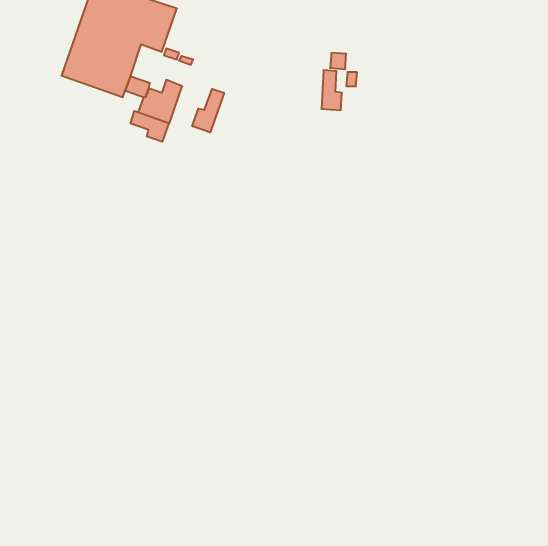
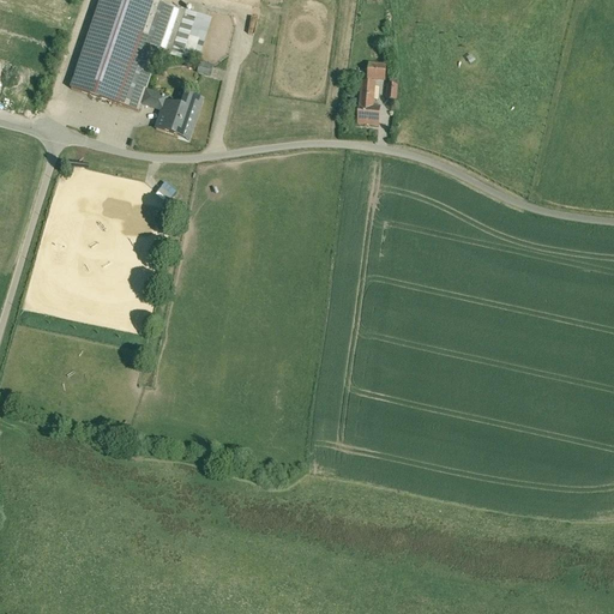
building: [192,89,224,133] -> none
building: [131,111,169,142] -> none

